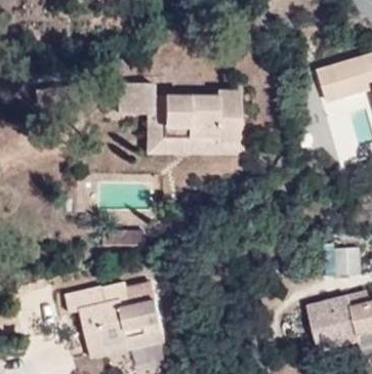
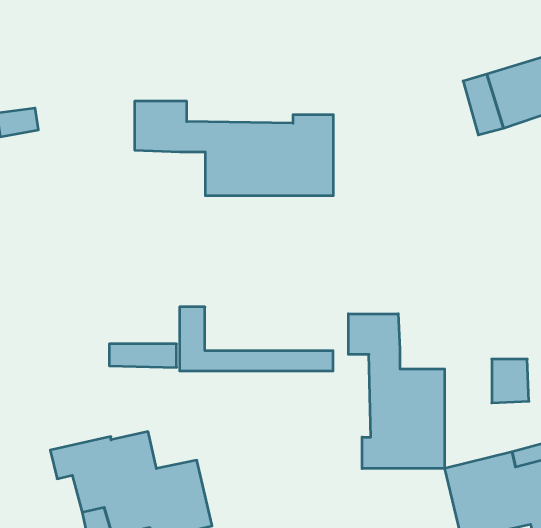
building: [146,113,239,152] -> [180,307,333,371]
building: none -> [348,314,445,469]

